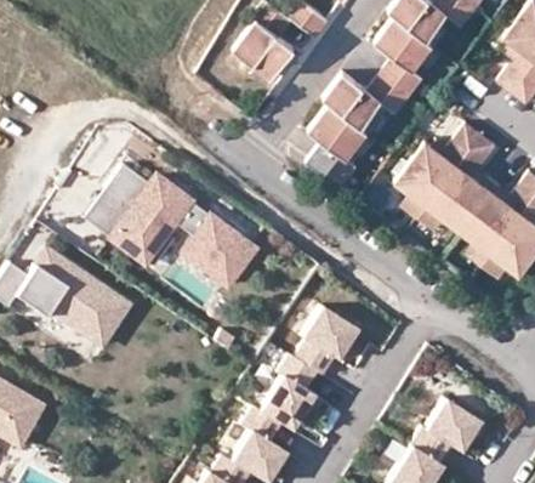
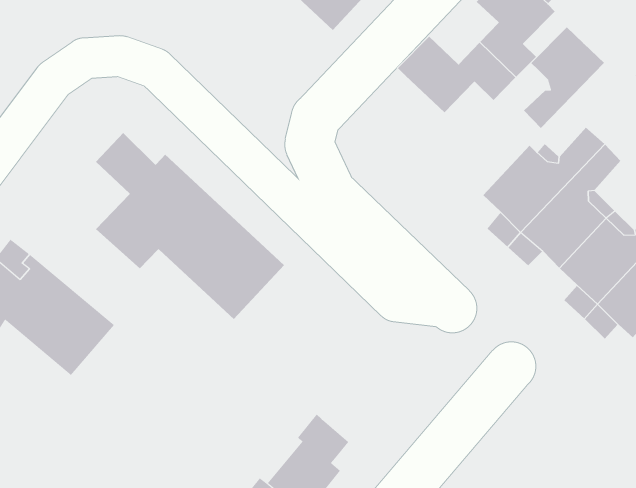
building: none -> [523,27,605,129]
building: [306,98,366,180] -> none
building: [86,189,135,239] -> none
building: [297,307,359,376] -> none

